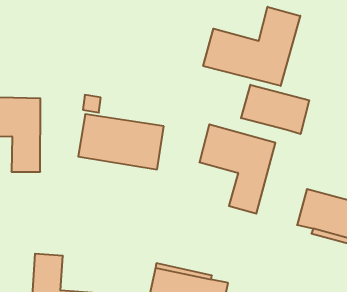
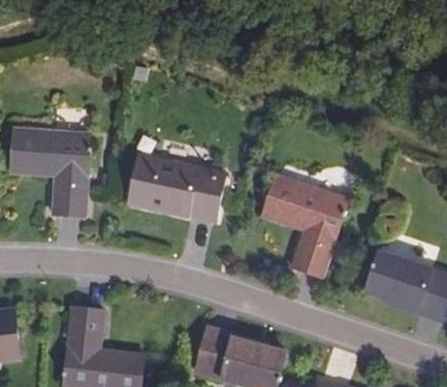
building: [203,7,300,86] -> none
building: [241,85,309,134] -> none

